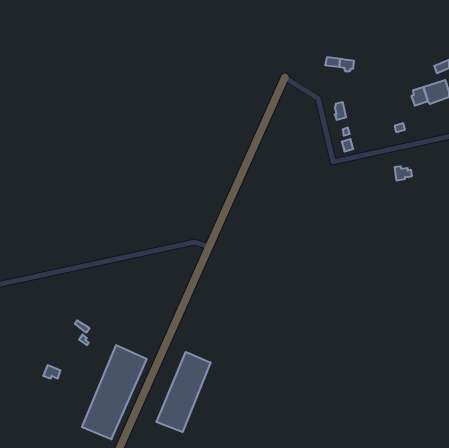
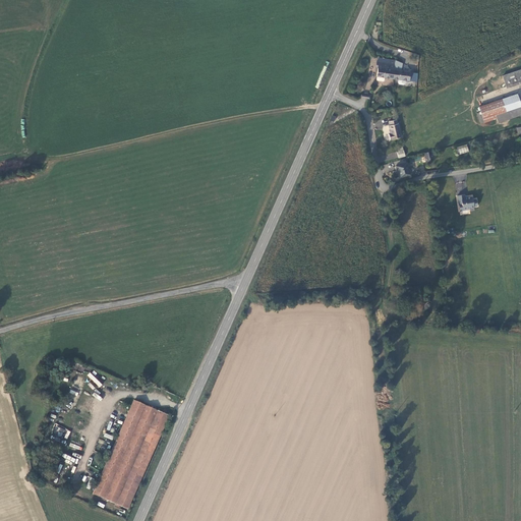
building: [156,352,211,432] -> none

